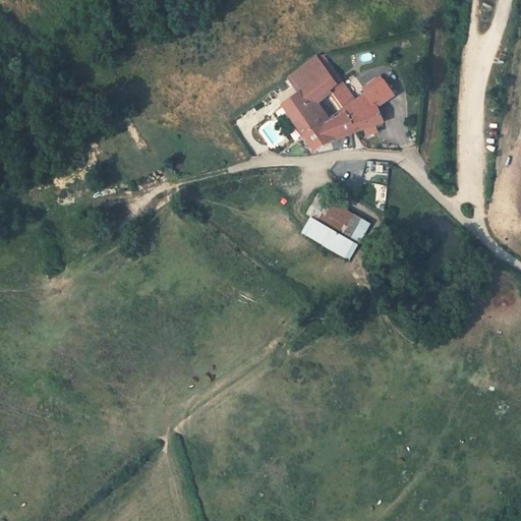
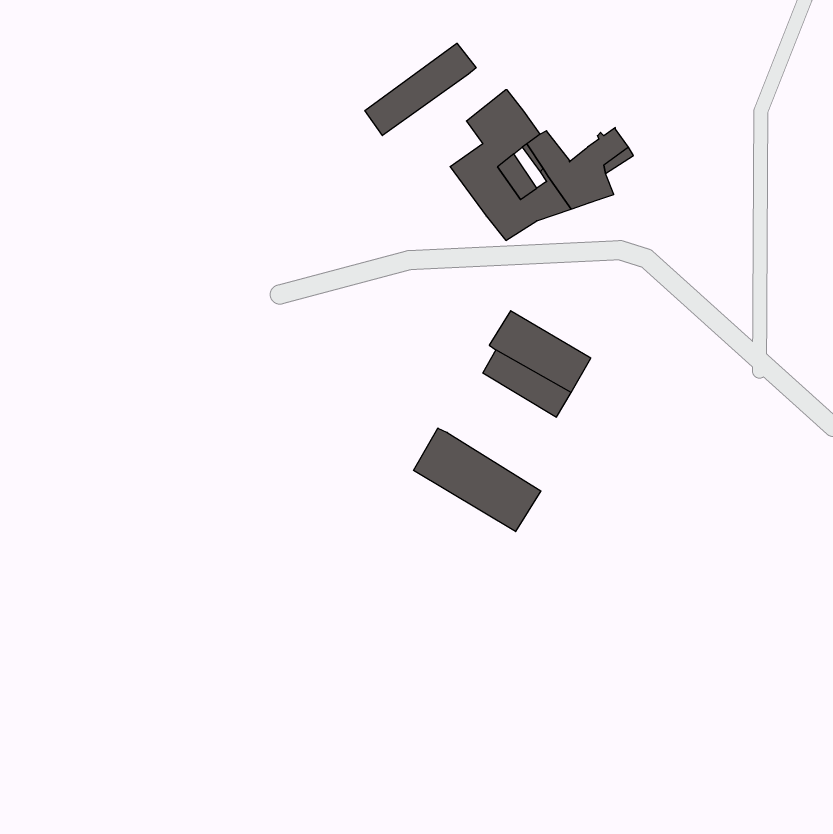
building: none -> [365,43,476,136]
building: none -> [414,428,541,532]

